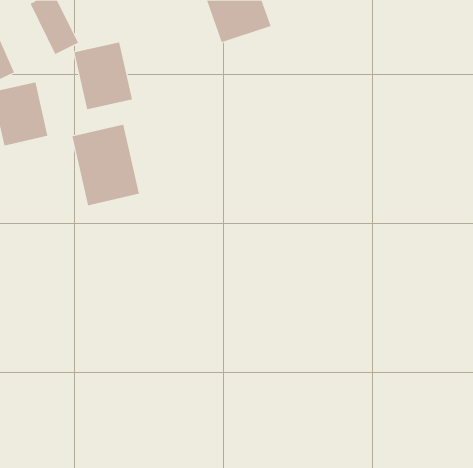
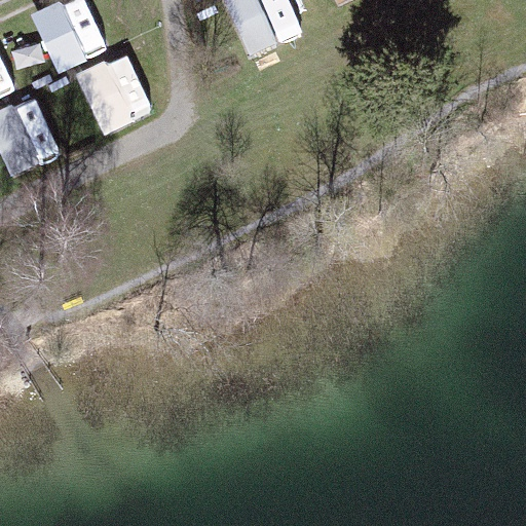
building: [72,124,139,206] -> none

